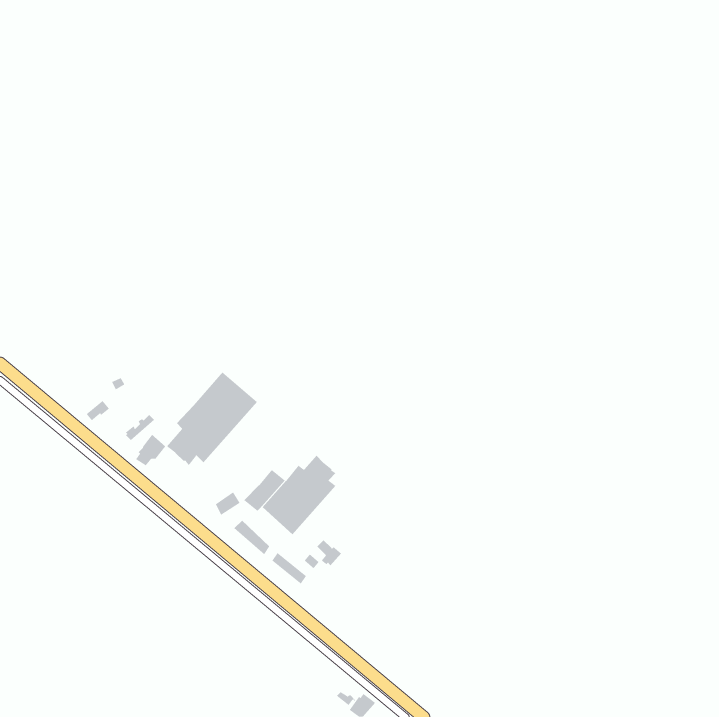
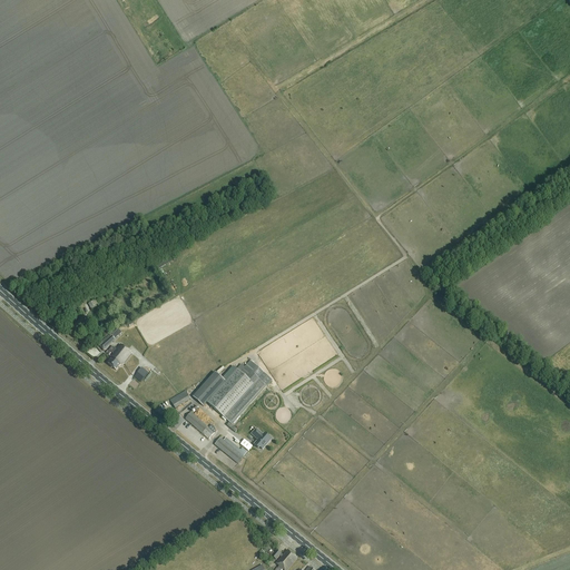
building: [166,372,258,466] -> none

